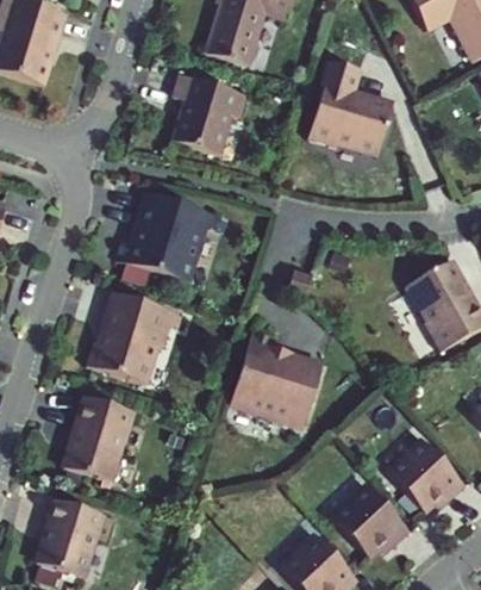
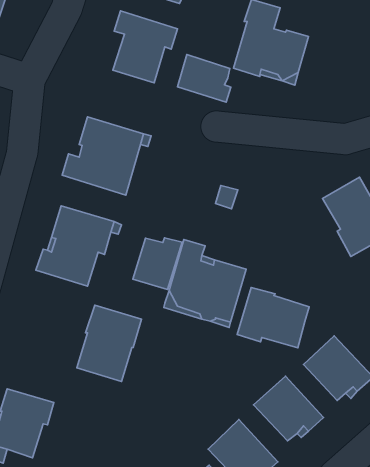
building: none -> [177,55,231,102]
building: none -> [133,238,182,290]
building: none -> [237,288,309,348]
building: [63,396,136,482] -> [77,305,141,382]

